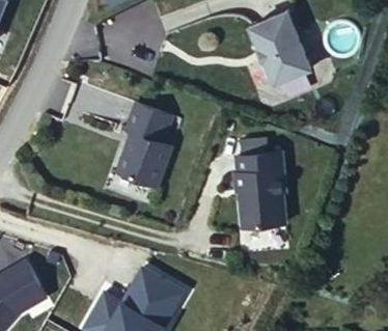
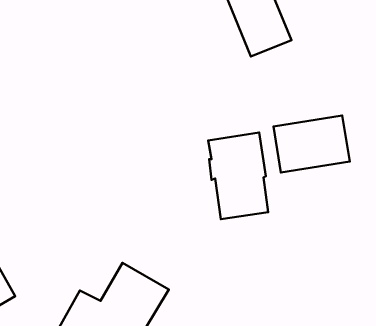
building: [128,101,182,184] -> none
building: none -> [273,116,350,172]

